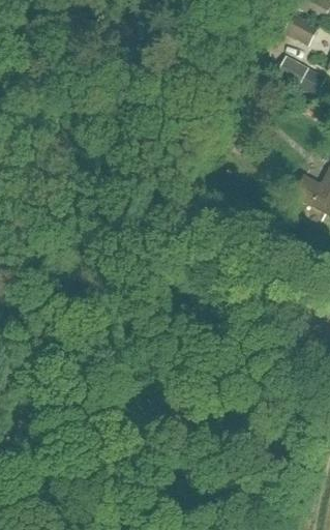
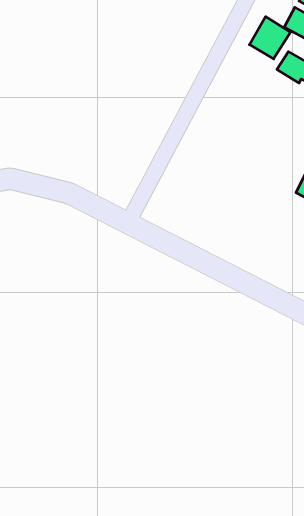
building: none -> [249,17,290,59]

